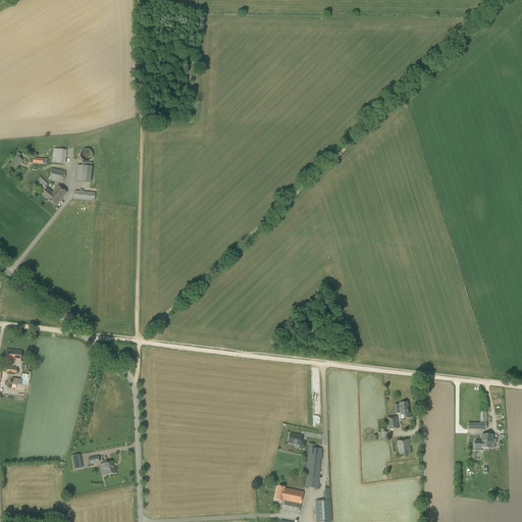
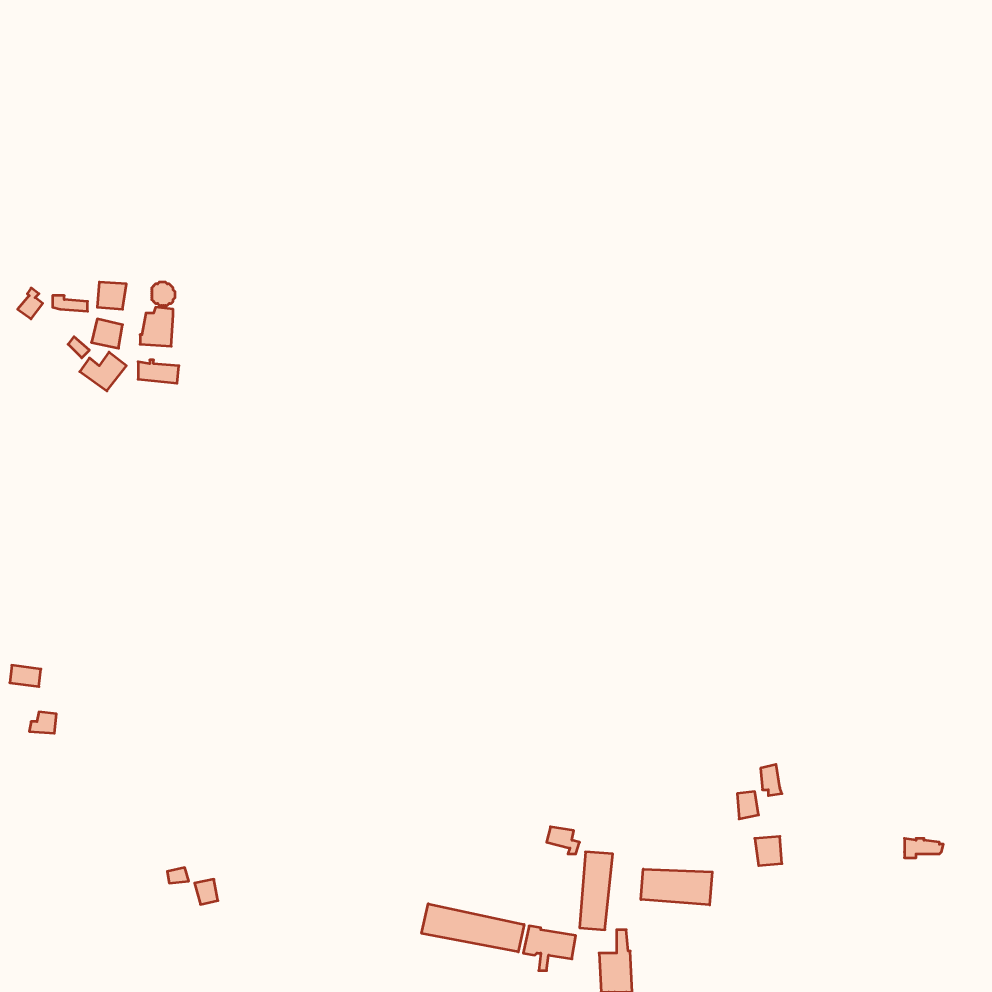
building: none -> [641,869,712,905]
building: none -> [422,904,524,952]

